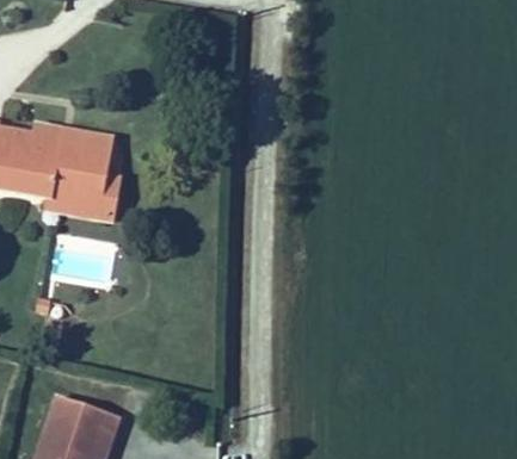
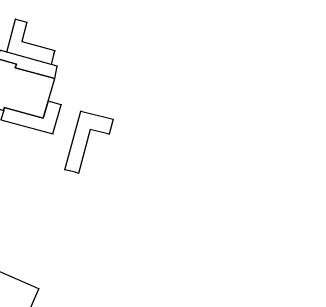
building: none -> [7,19,55,64]
building: none -> [65,111,113,173]

